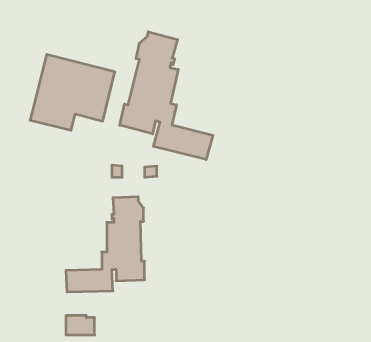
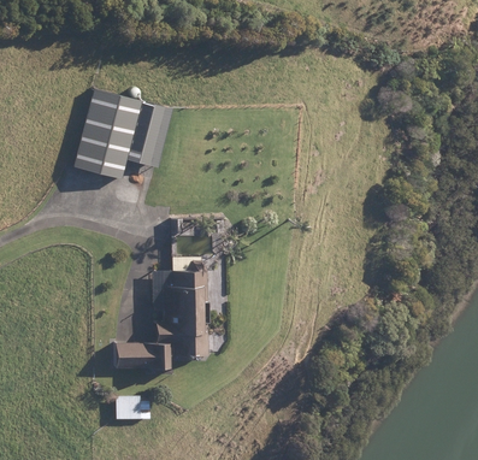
building: [120,32,213,160] -> none

